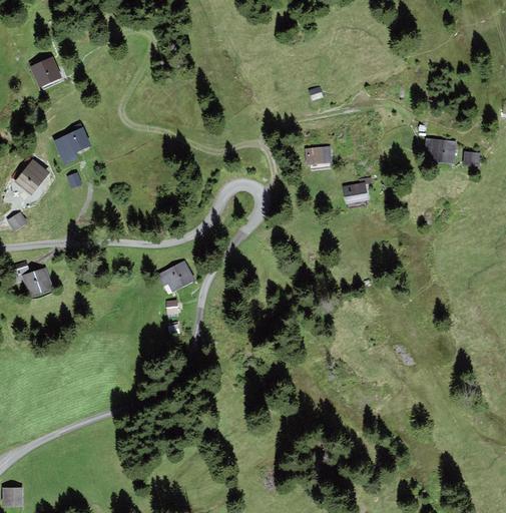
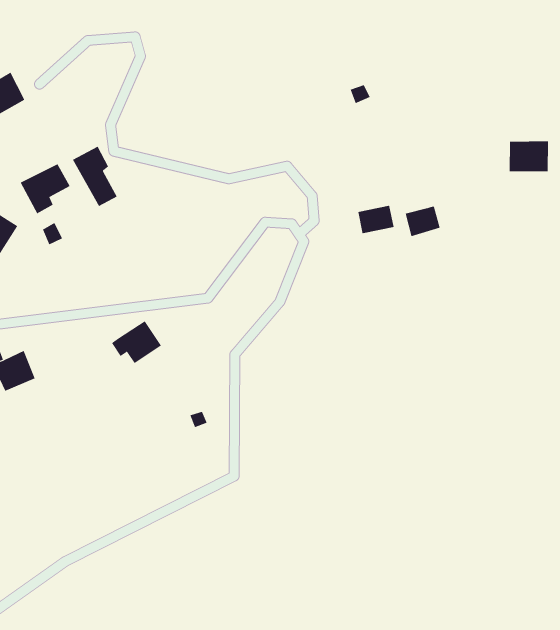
building: none -> [72,146,117,207]
building: [305,145,332,165] -> [357,205,394,234]
building: [157,260,195,292] -> [111,320,162,364]

